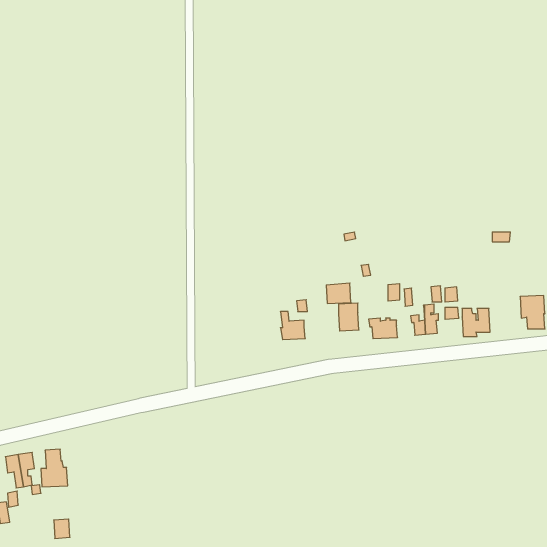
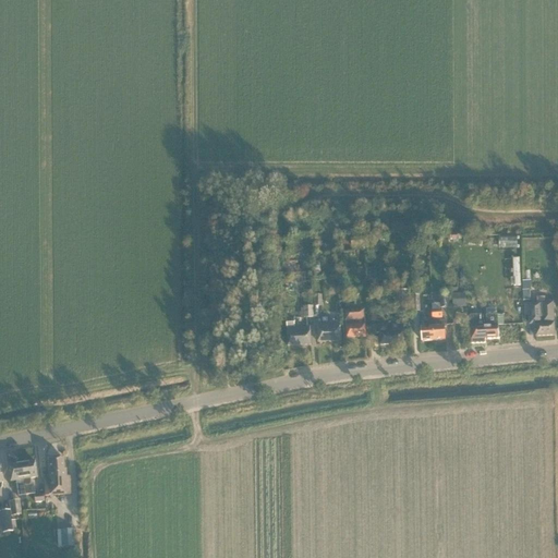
building: [326,283,351,303] -> [315,319,340,340]

